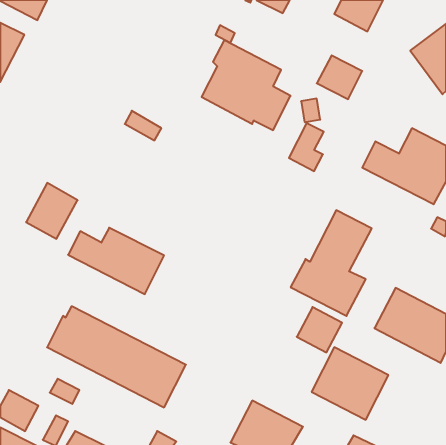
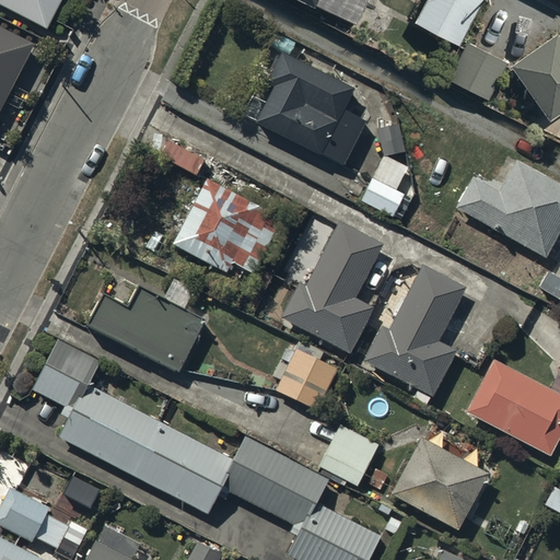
building: [317,55,362,99] -> [450,42,506,96]
building: none -> [171,177,282,284]
building: none -> [281,223,382,354]
building: [26,183,78,239] -> [31,339,95,409]
building: none -> [273,346,337,408]
building: [297,307,342,352] -> [320,428,377,485]
building: none -> [222,439,325,527]

